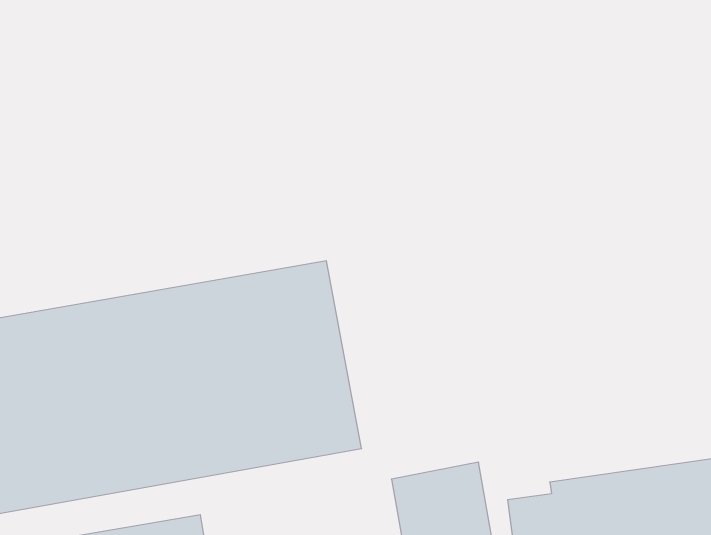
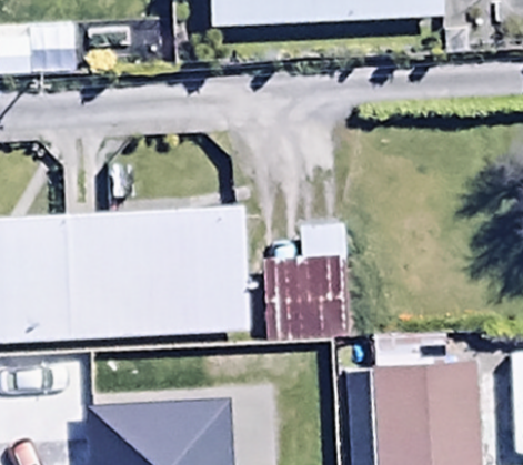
building: none -> [263,220,348,340]

